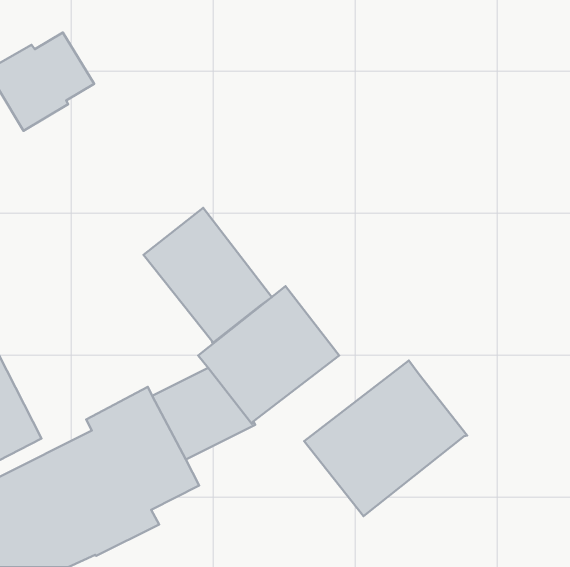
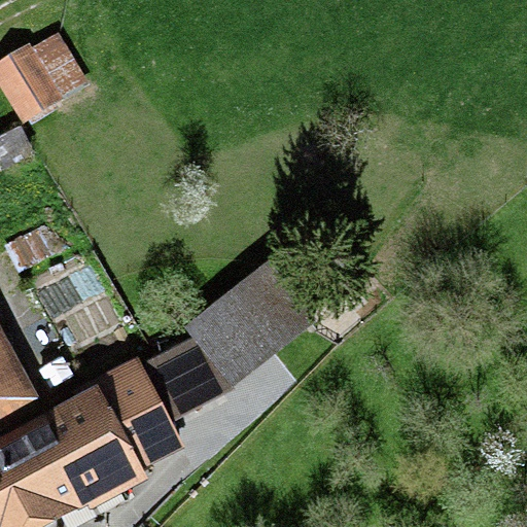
building: [144,208,272,343] -> none
building: [304,361,467,516] -> none

